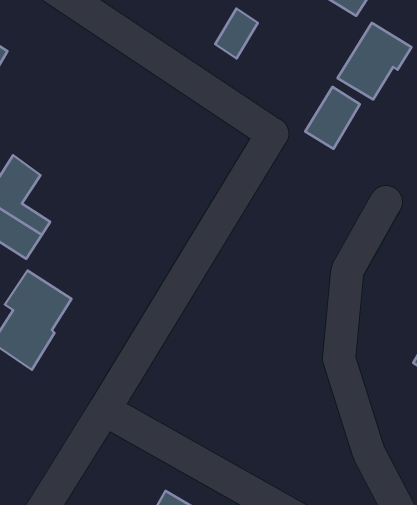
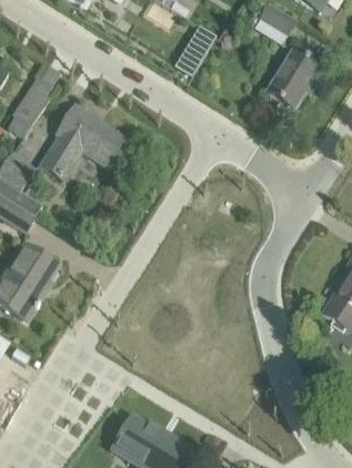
building: none -> [11,84,50,124]
building: [305,87,360,149] -> none
building: none -> [39,103,130,179]

